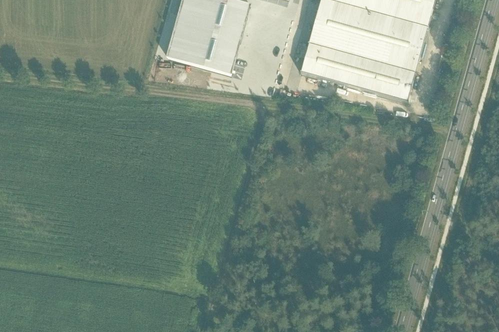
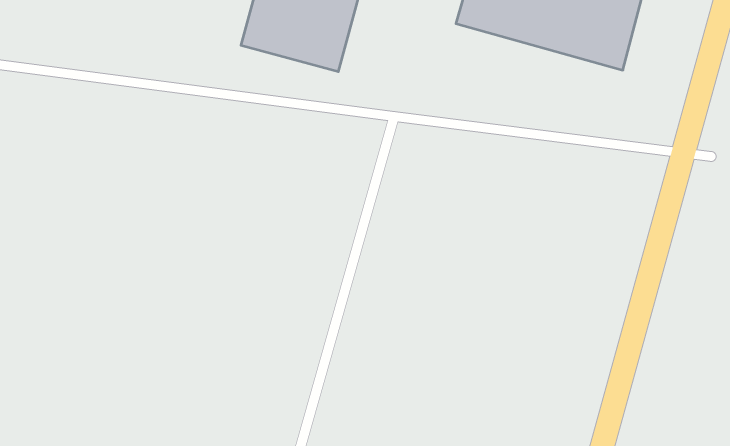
building: [300,42,415,100] -> none

